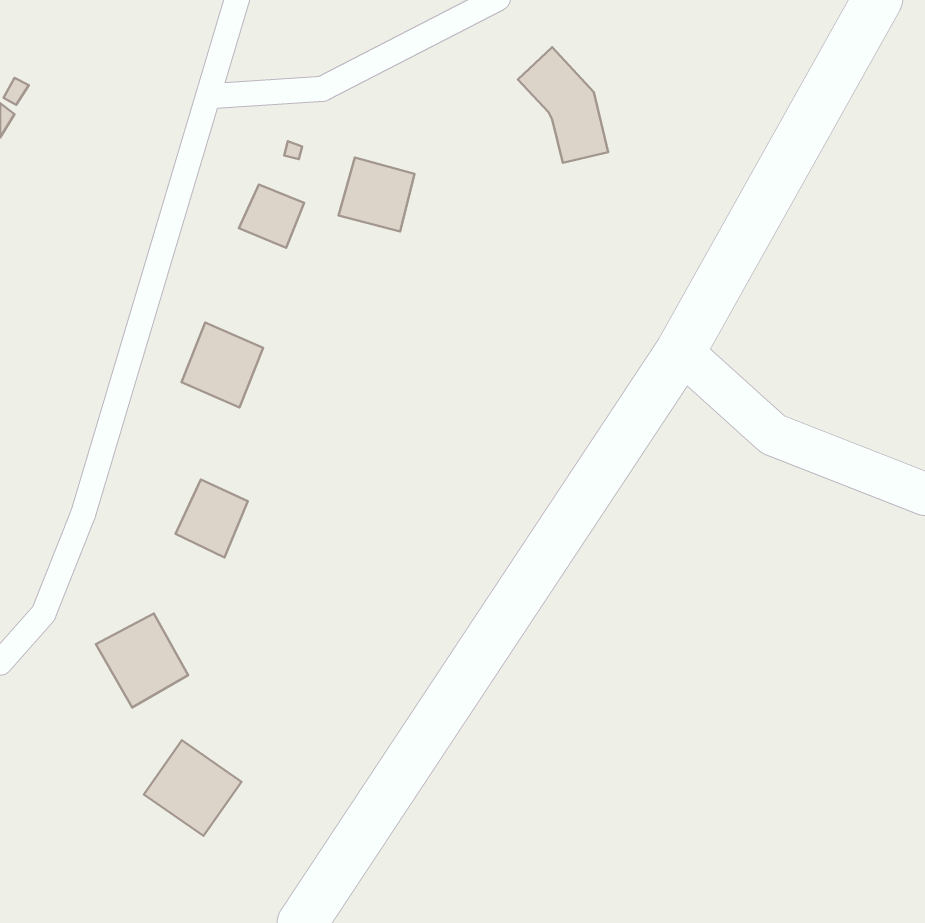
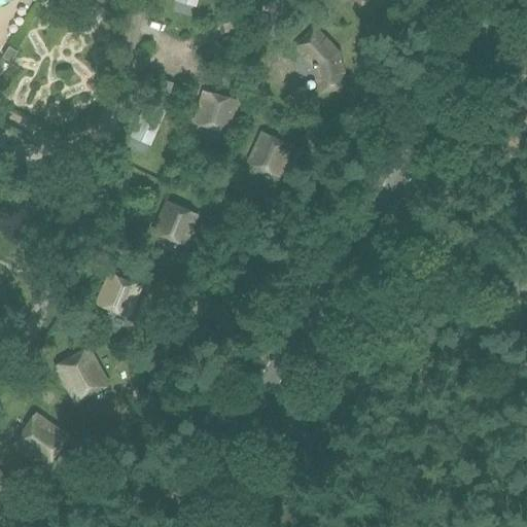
building: none -> [247,132,292,175]
building: [182,322,263,408] -> [151,200,198,248]
building: [144,740,242,836] -> [13,414,69,468]

